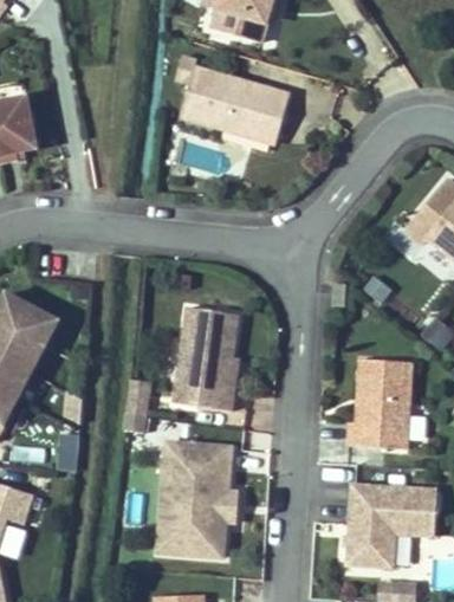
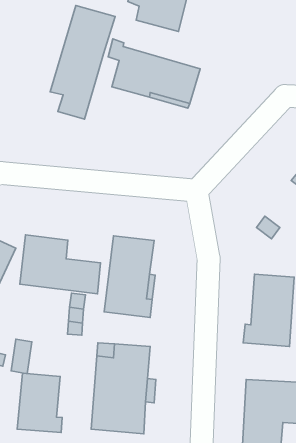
building: none -> [50,6,115,119]
building: none -> [20,235,100,294]
building: none -> [17,373,62,433]

